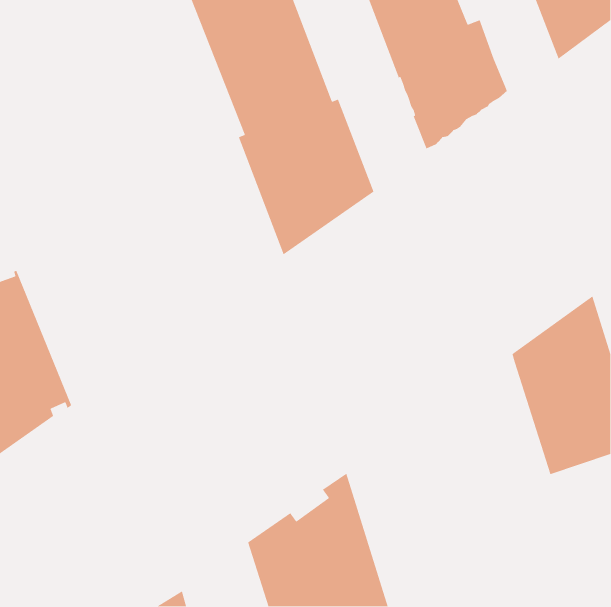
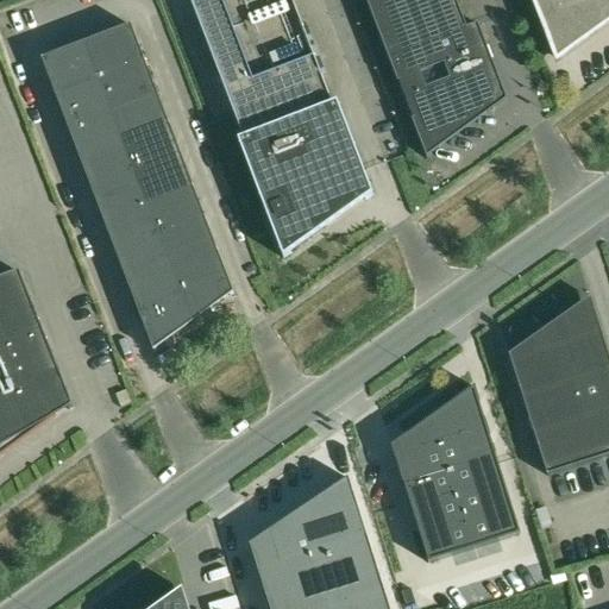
building: none -> [39,20,231,346]
building: none -> [389,383,519,558]

